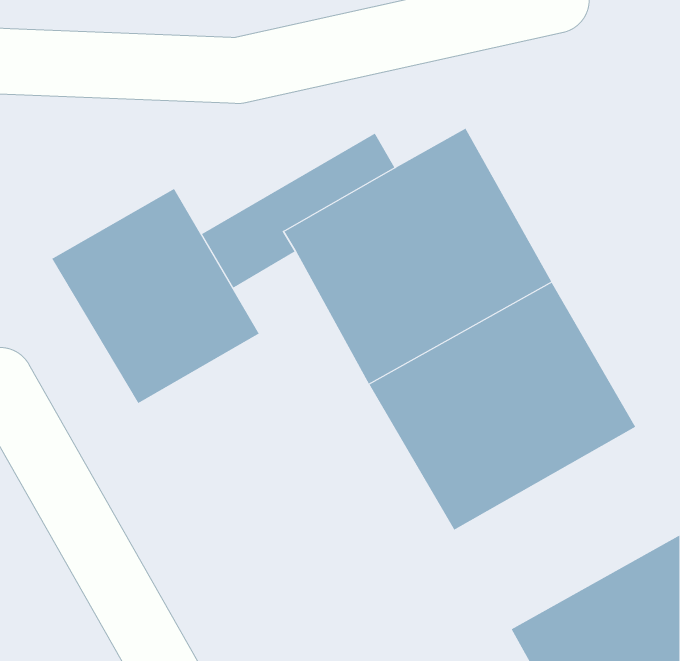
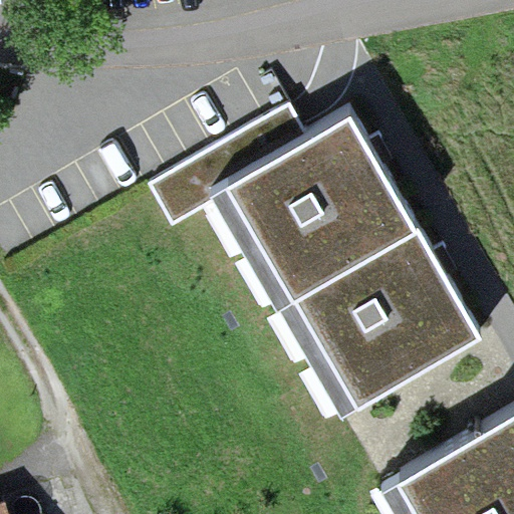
building: [51,188,259,404] -> none

